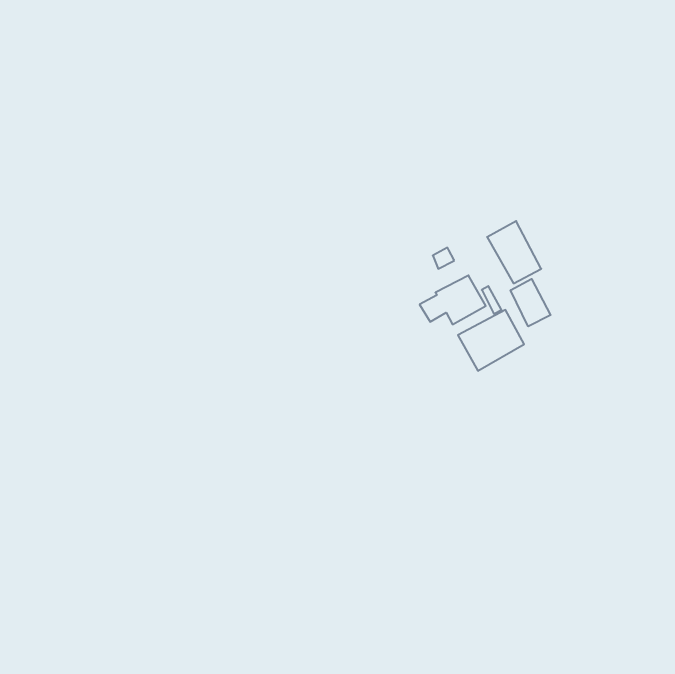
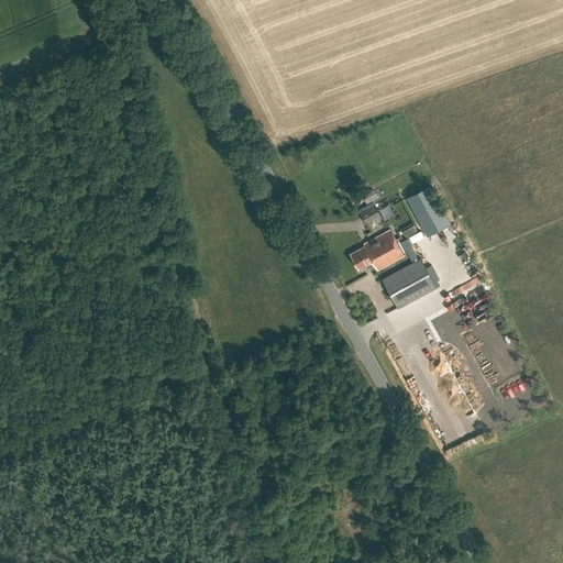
building: [511,279,551,326] -> none

